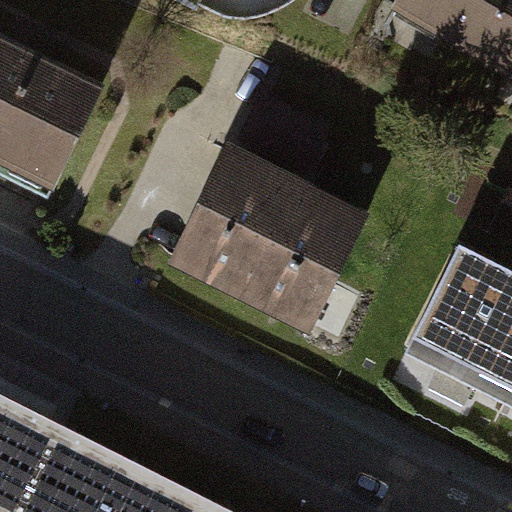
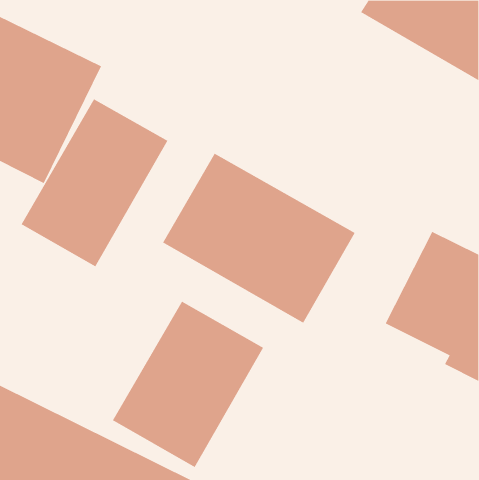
building: none -> [21,98,168,267]
building: none -> [112,301,264,468]

